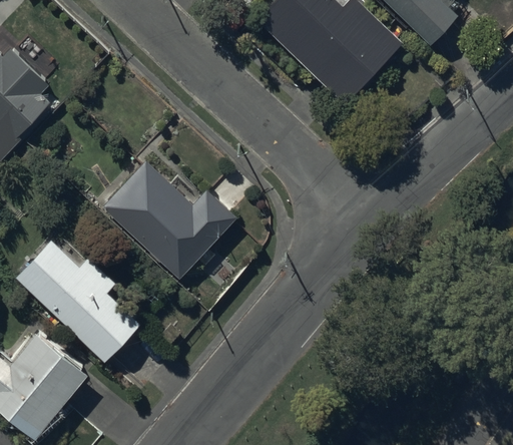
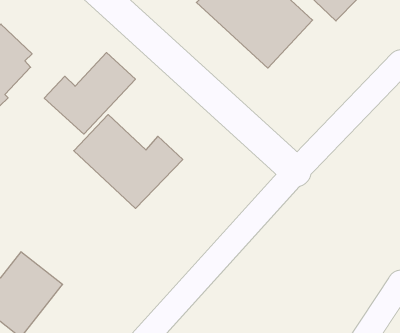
building: none -> [44,53,135,134]
building: [17,242,141,362] -> none

